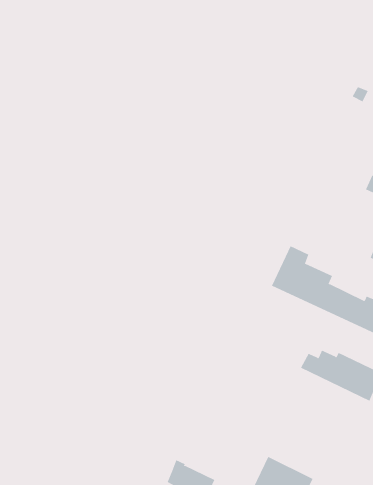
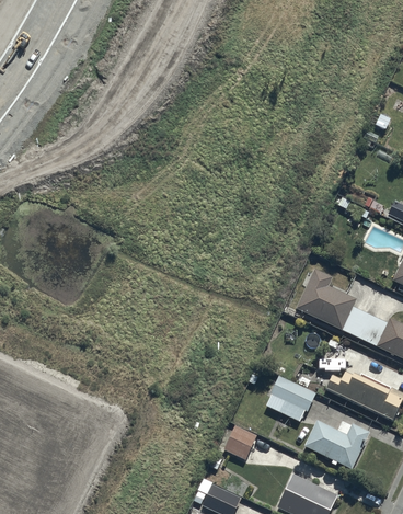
building: none -> [266,376,315,421]
building: none -> [303,420,369,469]
building: none -> [223,425,256,459]

